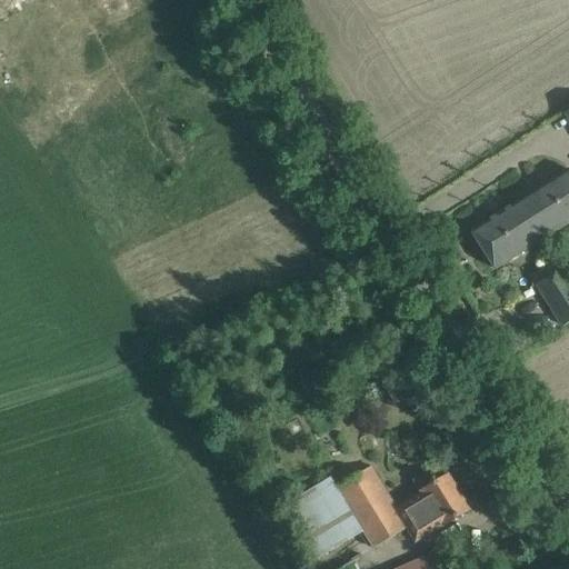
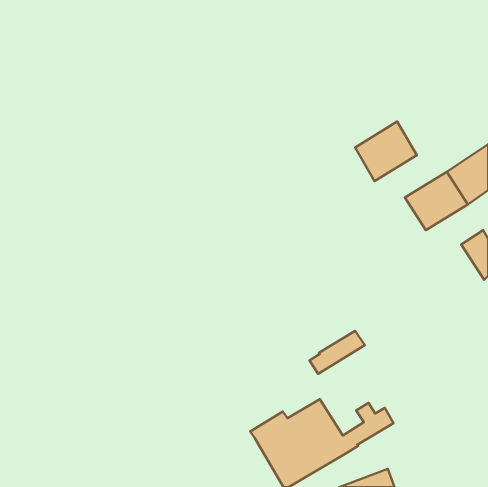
building: none -> [355,122,417,181]
building: [405,492,469,542] -> [309,331,365,374]

